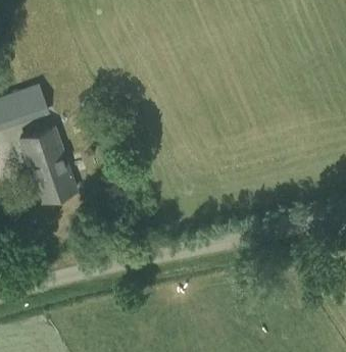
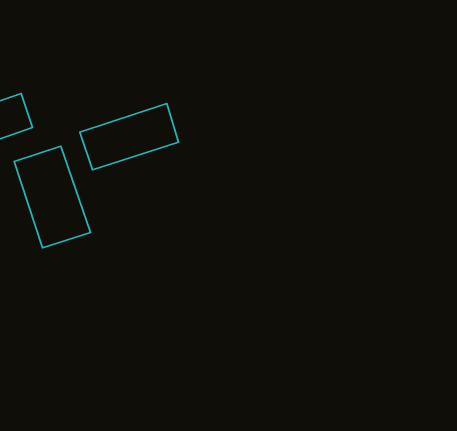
building: none -> [80,104,178,170]

